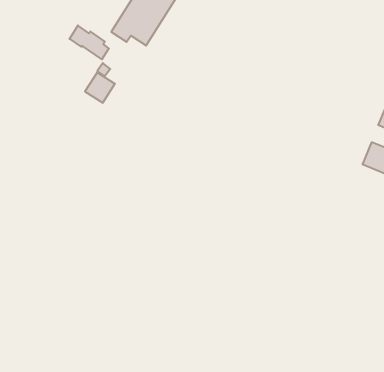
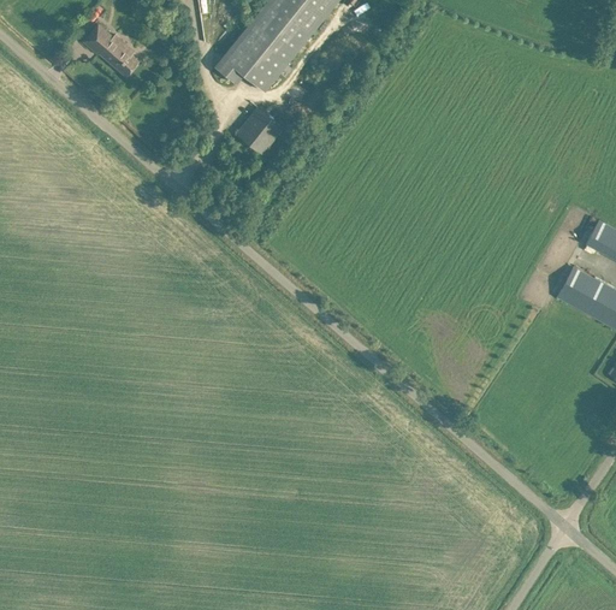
building: [69,25,109,59] -> [84,23,140,76]
building: [85,72,115,103] -> [238,107,283,152]

